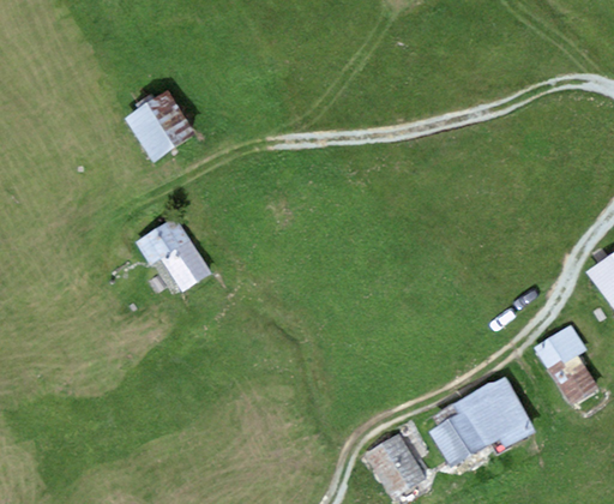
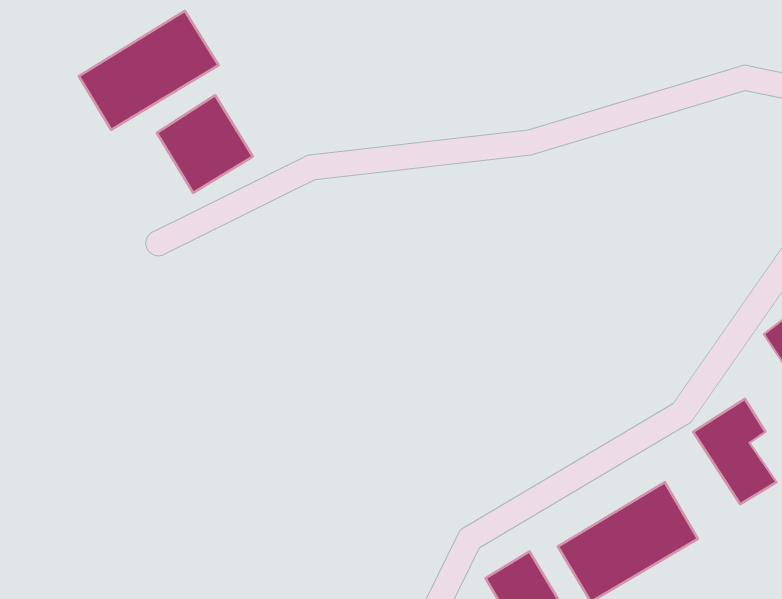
building: none -> [79,11,219,130]
building: [143,217,213,293] -> none

